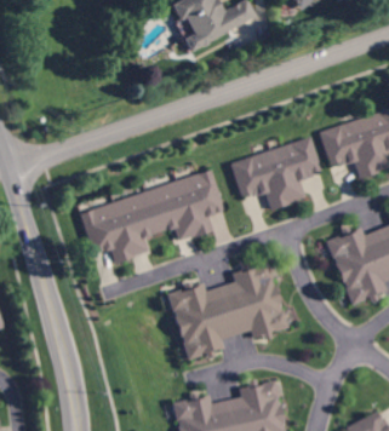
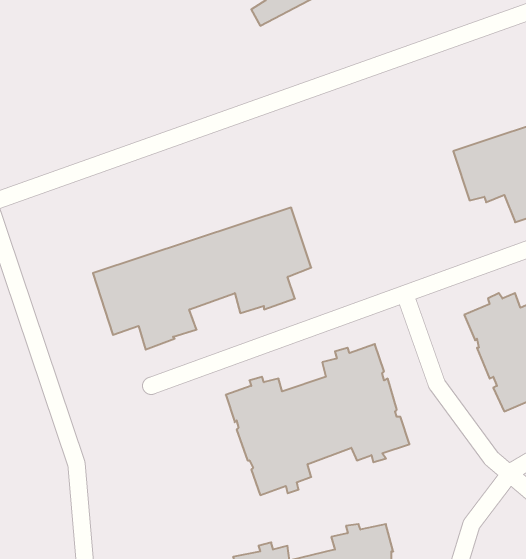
building: [229,137,320,211] -> none

